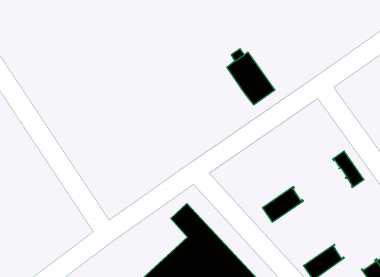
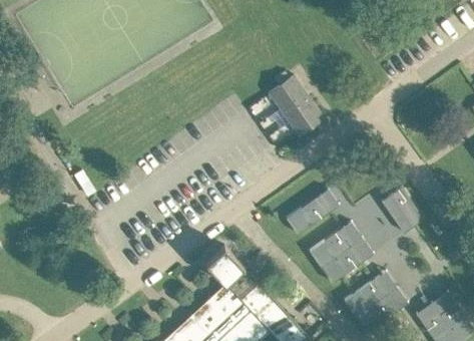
building: none -> [286,193,332,233]
building: none -> [320,242,366,282]
building: none -> [344,275,390,315]

